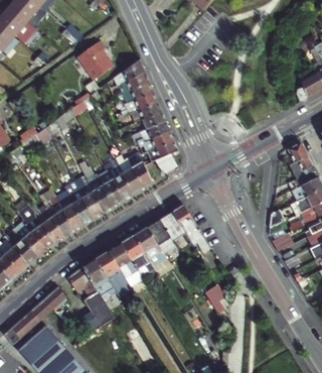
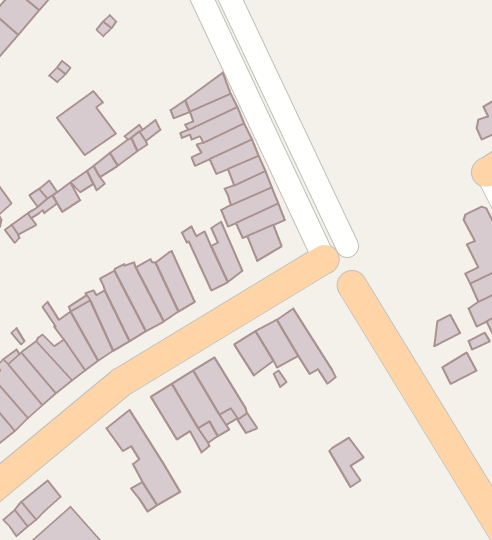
building: [77,40,114,80] -> [57,91,116,155]
building: [99,153,133,201] -> none
building: [135,227,167,266] -> none
building: [83,259,117,300] -> none
building: [32,287,67,321] -> none

